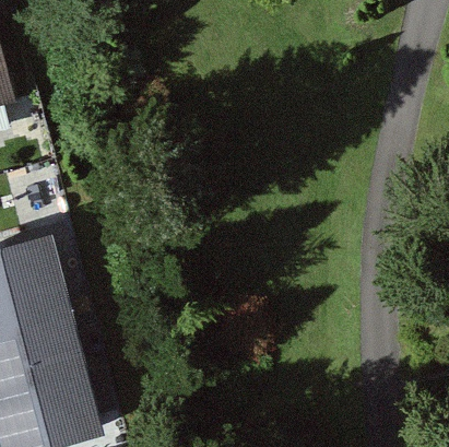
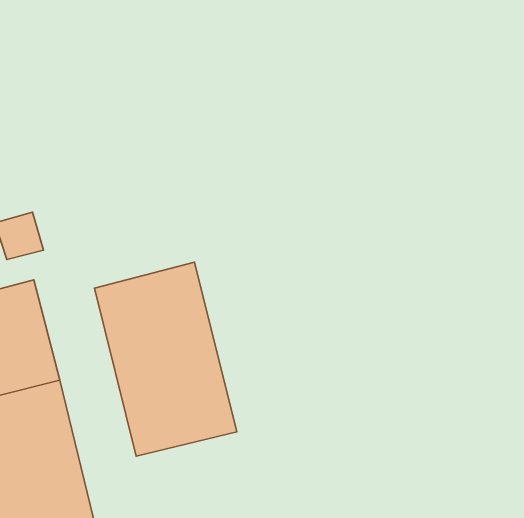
building: none -> [94,262,237,456]

